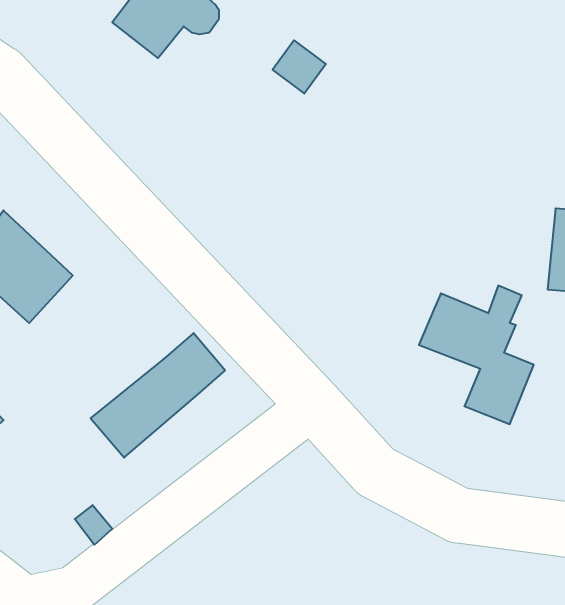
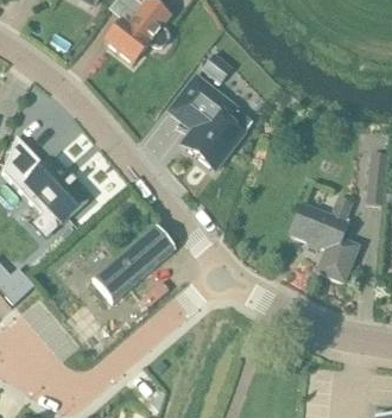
building: none -> [169,78,244,171]

